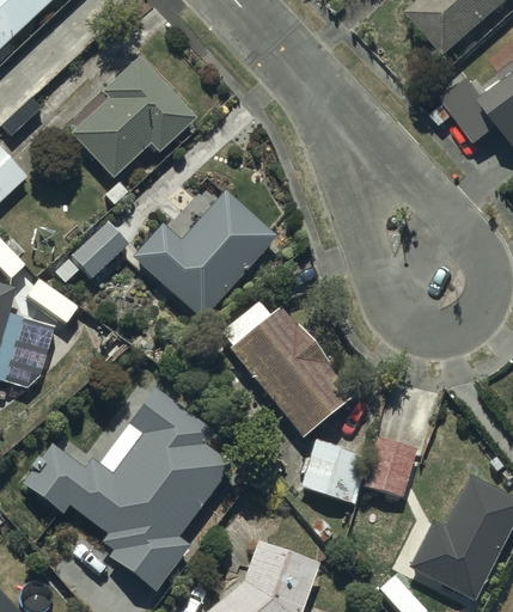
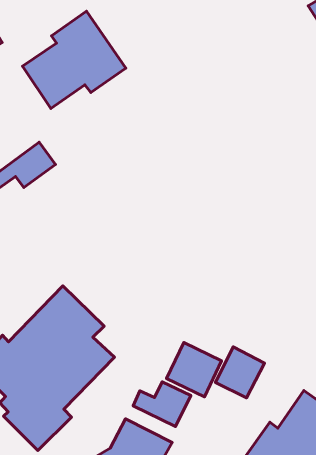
building: [132,190,274,318] -> none
building: [221,300,354,437] -> none
building: none -> [133,382,191,426]

